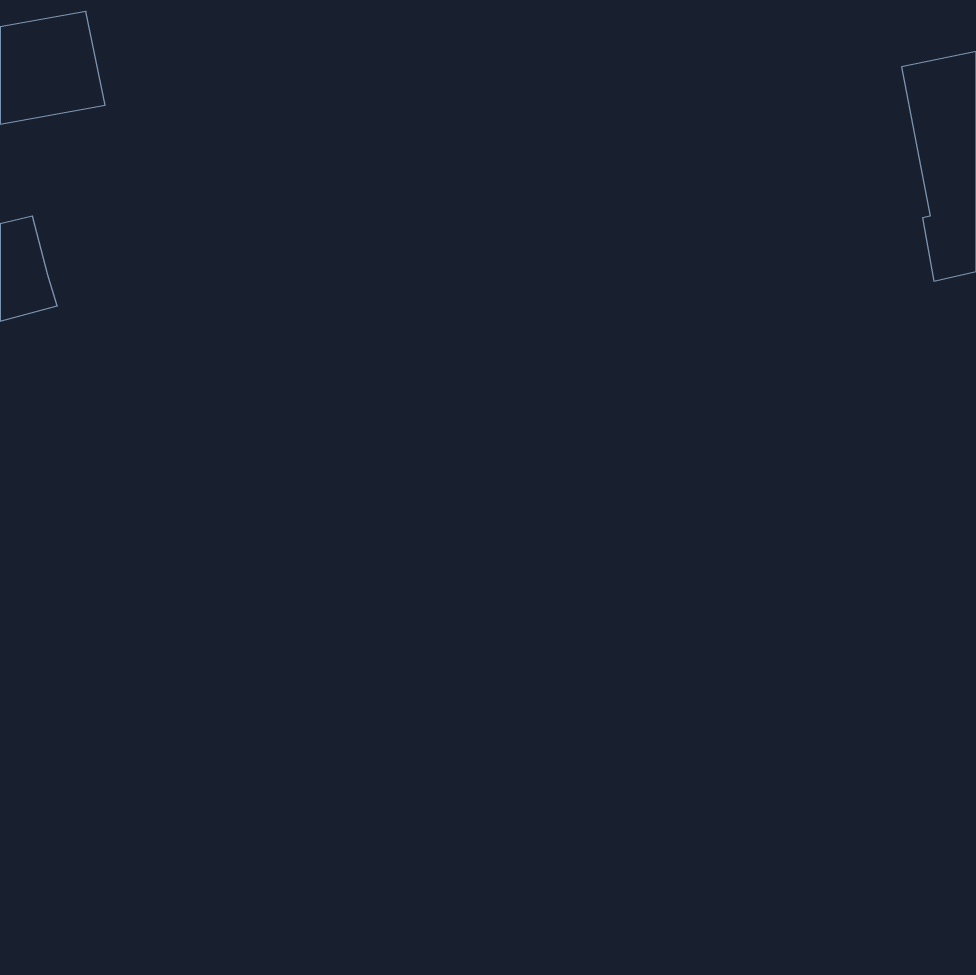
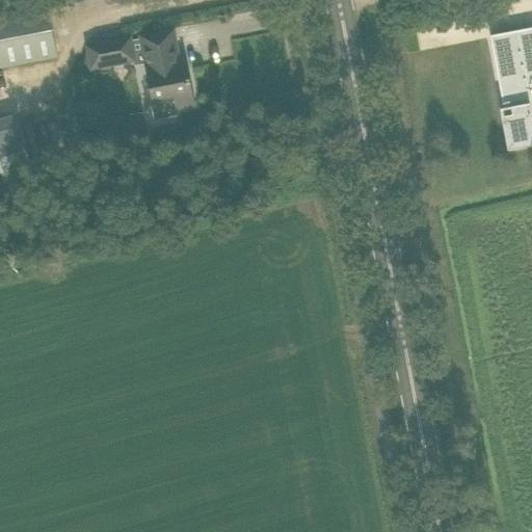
building: none -> [141,32,195,108]
building: none -> [88,41,133,69]

